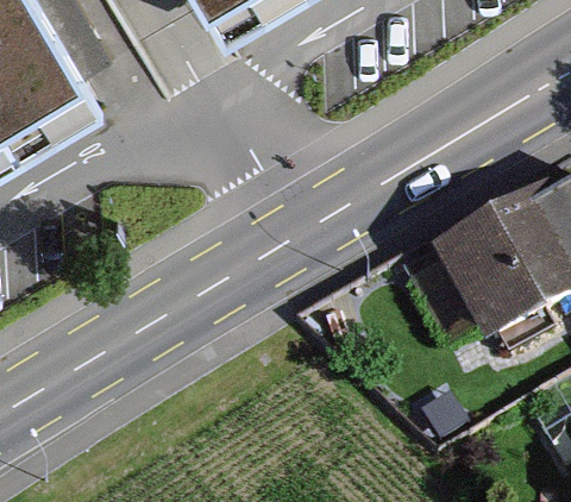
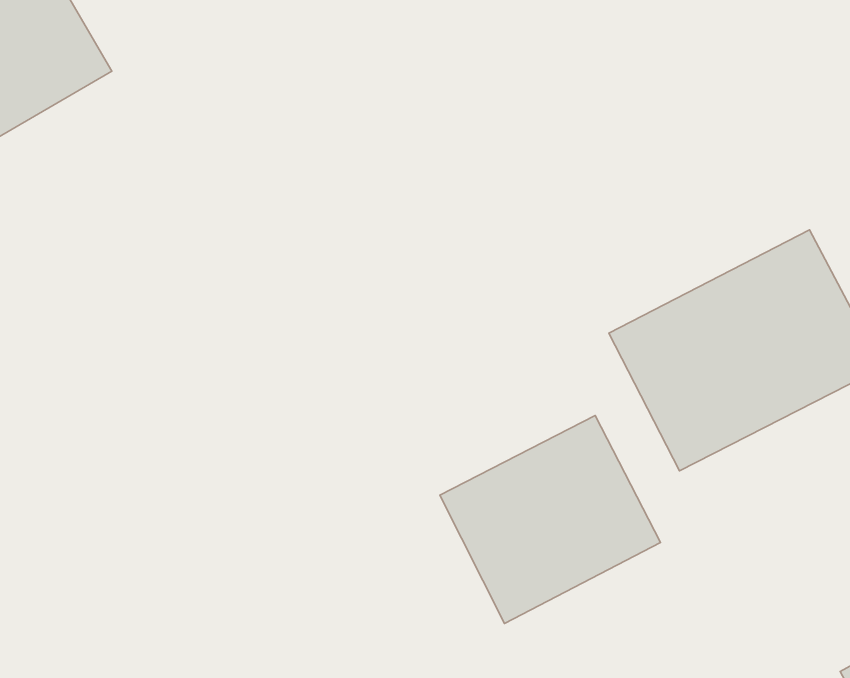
building: none -> [440,416,661,624]

